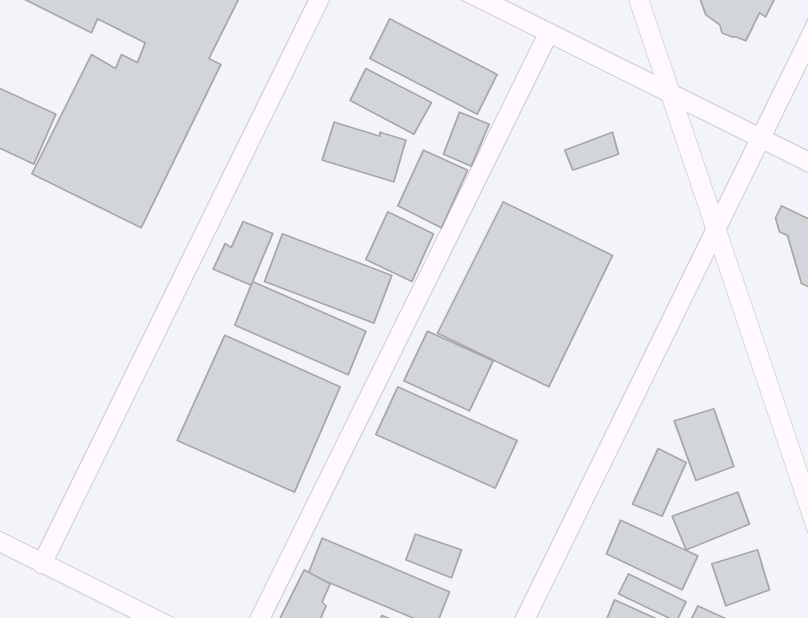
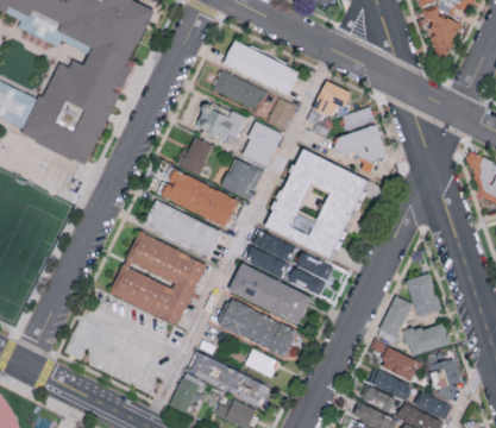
building: none -> [306,80,351,125]
building: none -> [333,127,387,176]
building: [213,221,273,285] -> [176,134,212,172]
building: none -> [288,251,329,290]
building: none -> [218,298,296,352]

